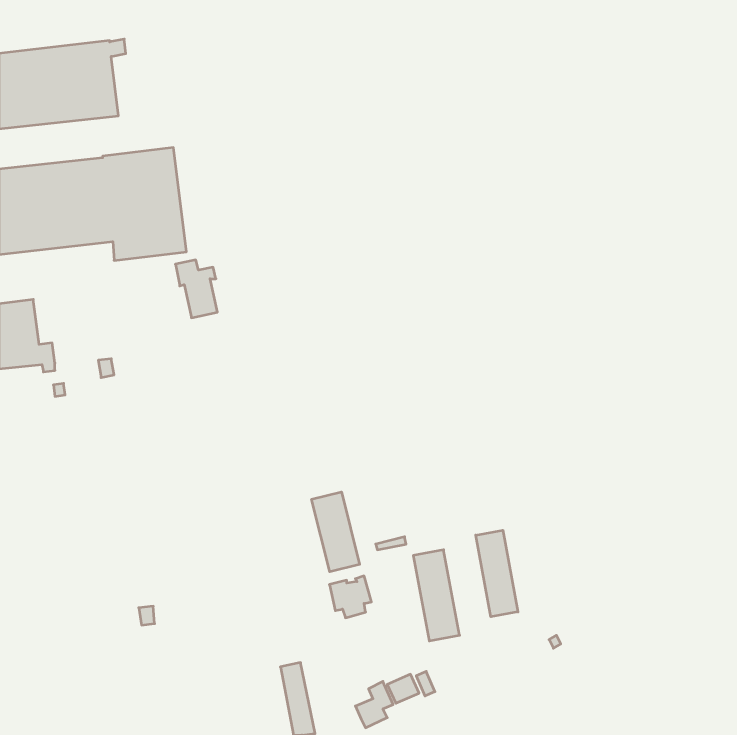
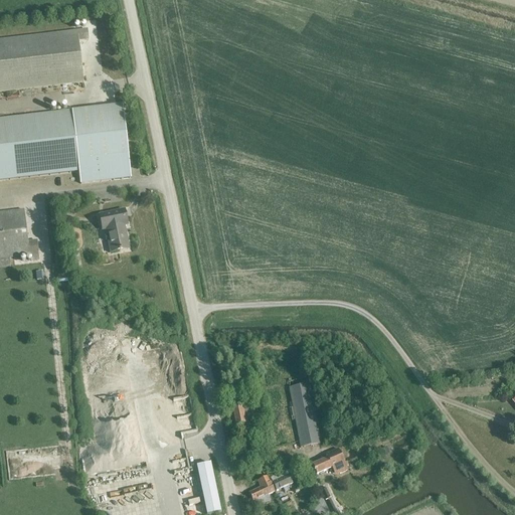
building: [175,260,217,318] -> [99,210,128,250]
building: [312,492,360,572] -> none
building: [476,530,518,617] -> none
building: none -> [311,448,346,473]

